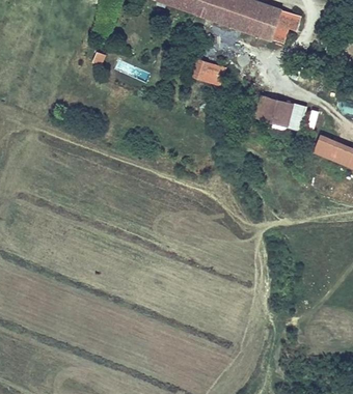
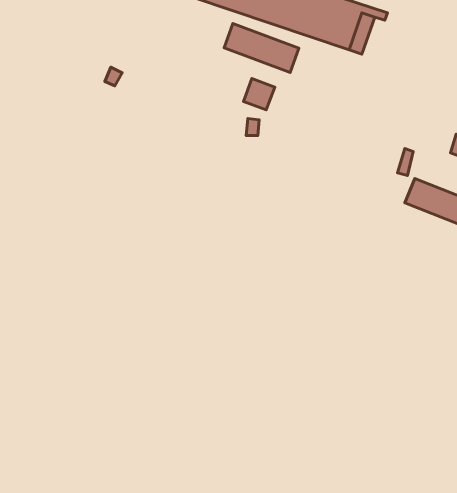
building: none -> [224,23,299,73]
building: [254,94,307,130] -> none

